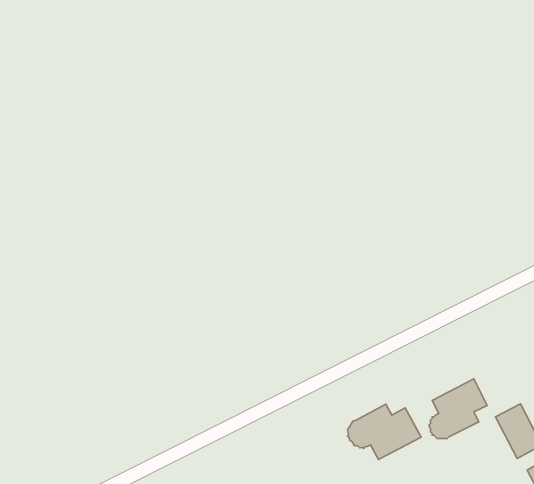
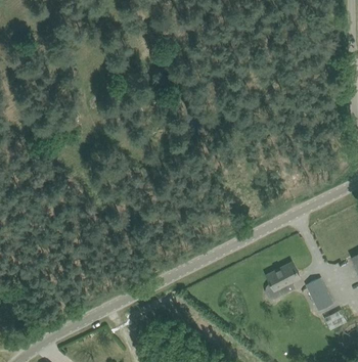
building: [348,404,421,460] -> none

